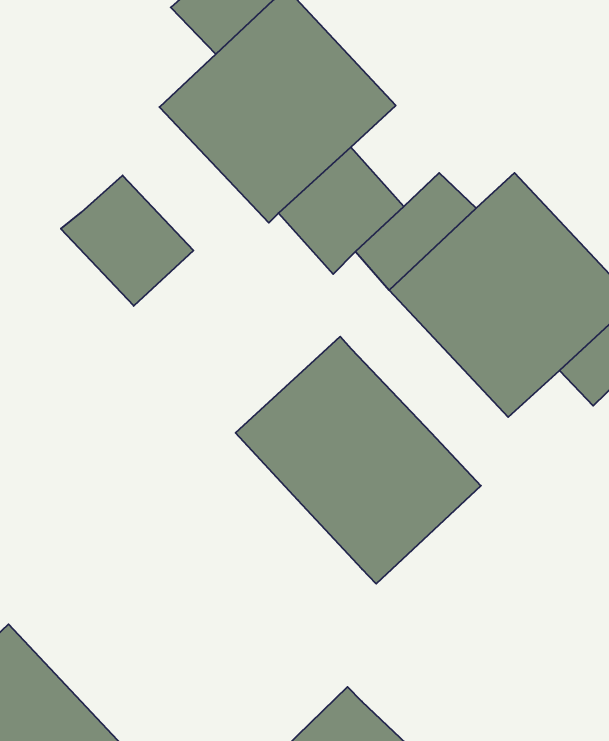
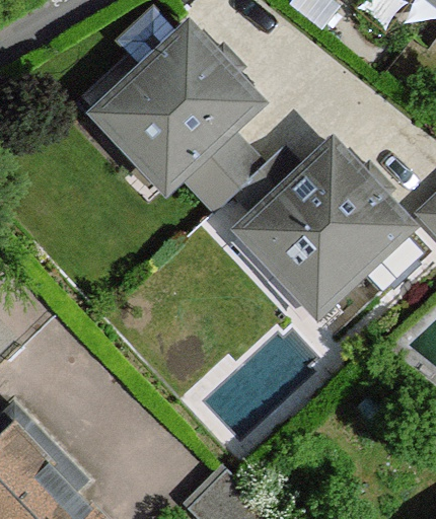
building: [61,175,193,306] -> none
building: [236,337,481,584] -> none

